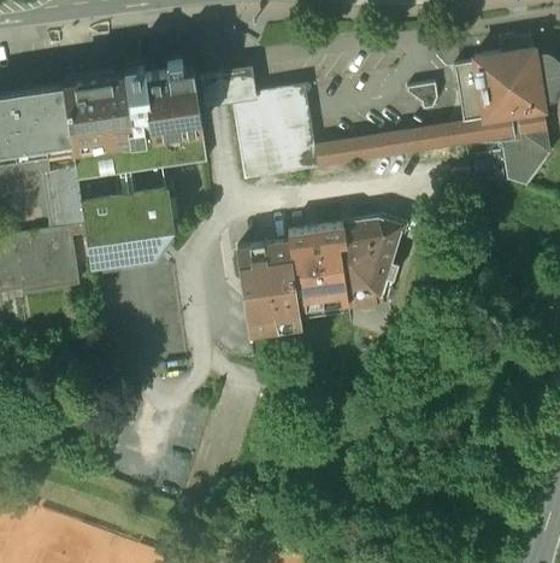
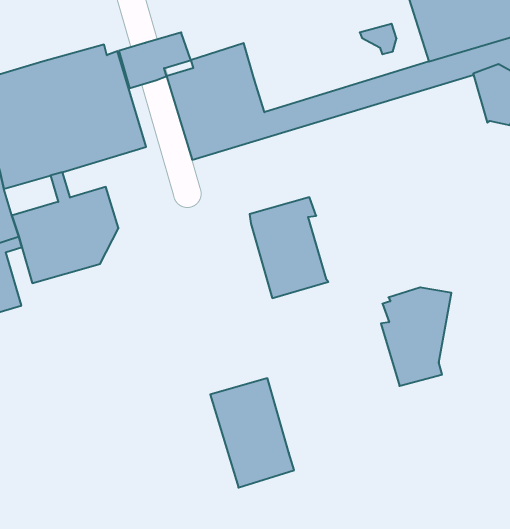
building: [338,216,403,299] -> [381,287,451,386]
building: [236,241,300,333] -> [210,378,294,488]

